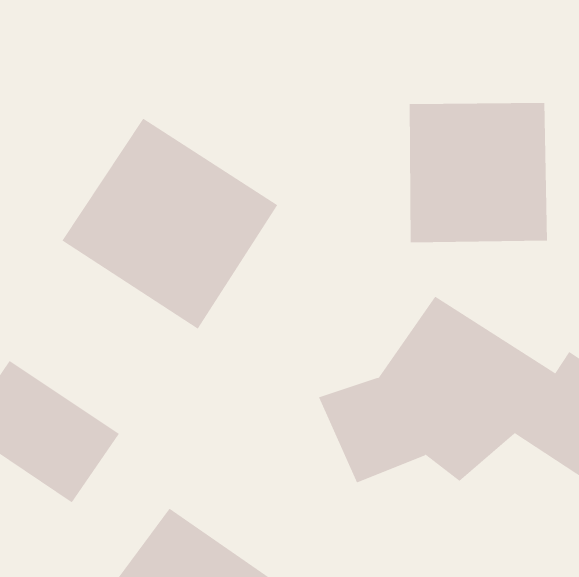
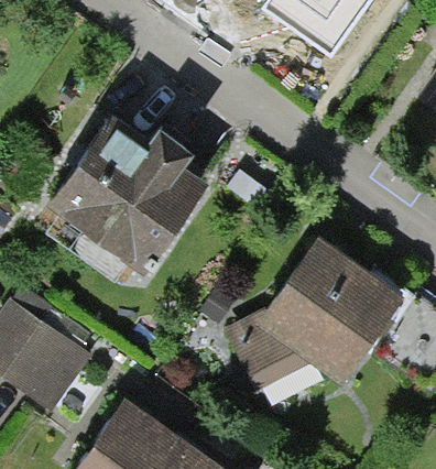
building: [409,102,547,243] -> none

